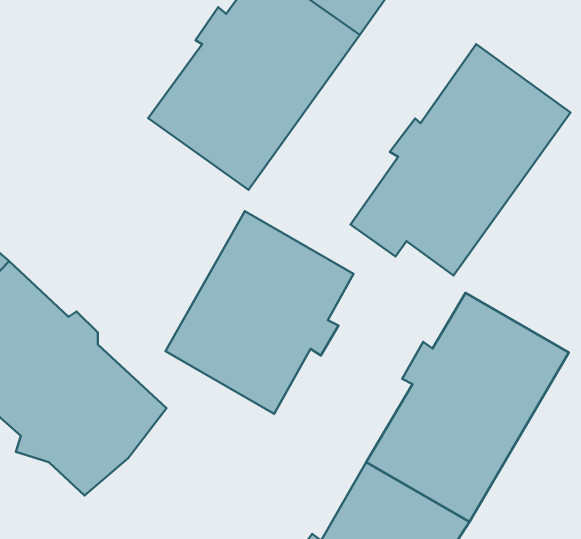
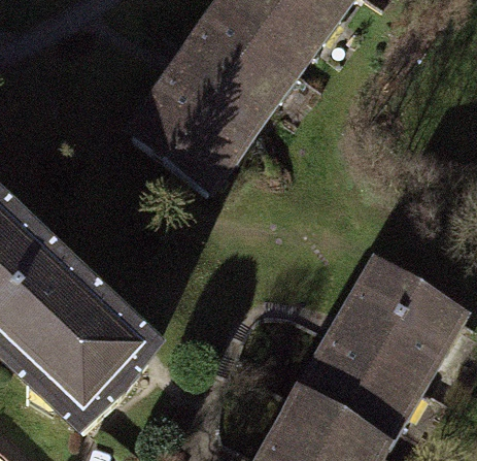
building: [350,44,570,275] -> none
building: [166,211,353,414] -> none

